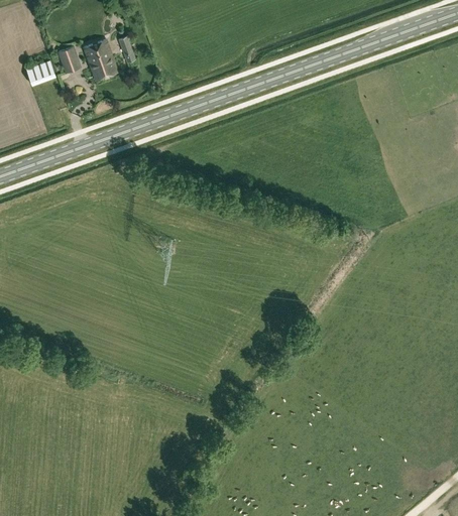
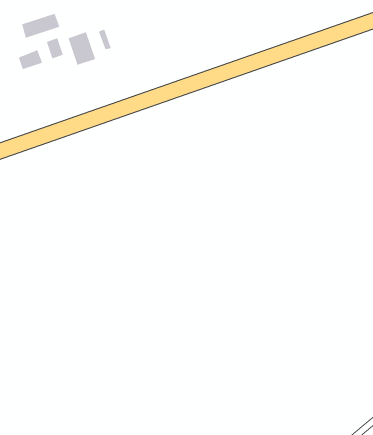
building: none -> [21,13,60,39]

